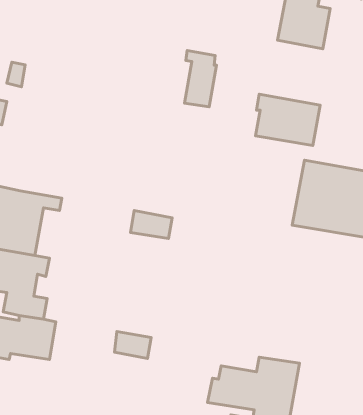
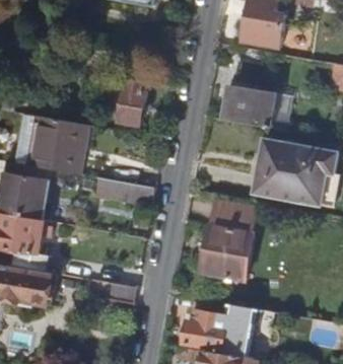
building: [185,51,216,107] -> [118,78,144,125]
building: none -> [26,116,86,175]
building: none -> [200,200,254,280]

